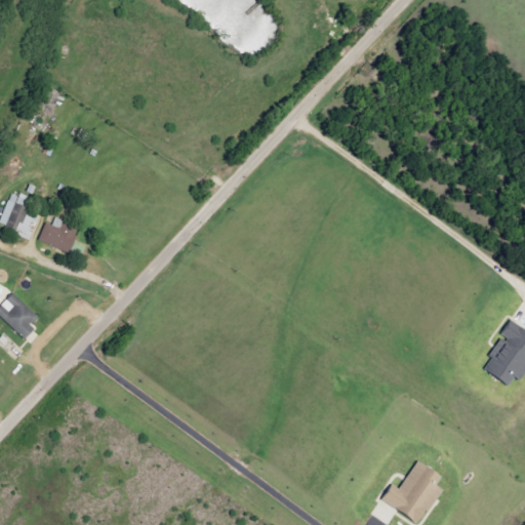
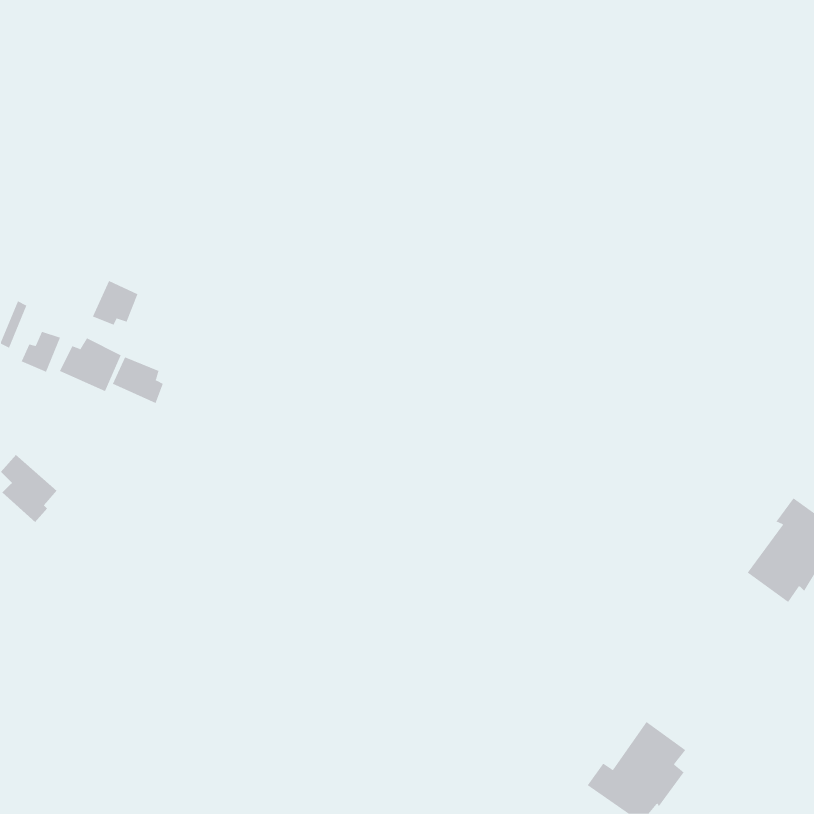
building: none -> [92,280,138,325]
building: none -> [112,356,164,404]

